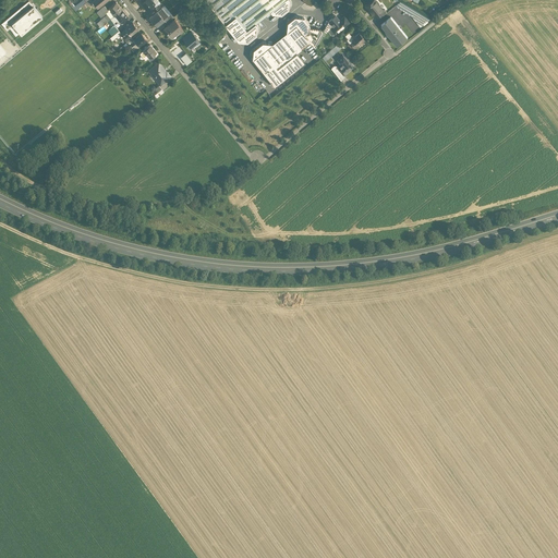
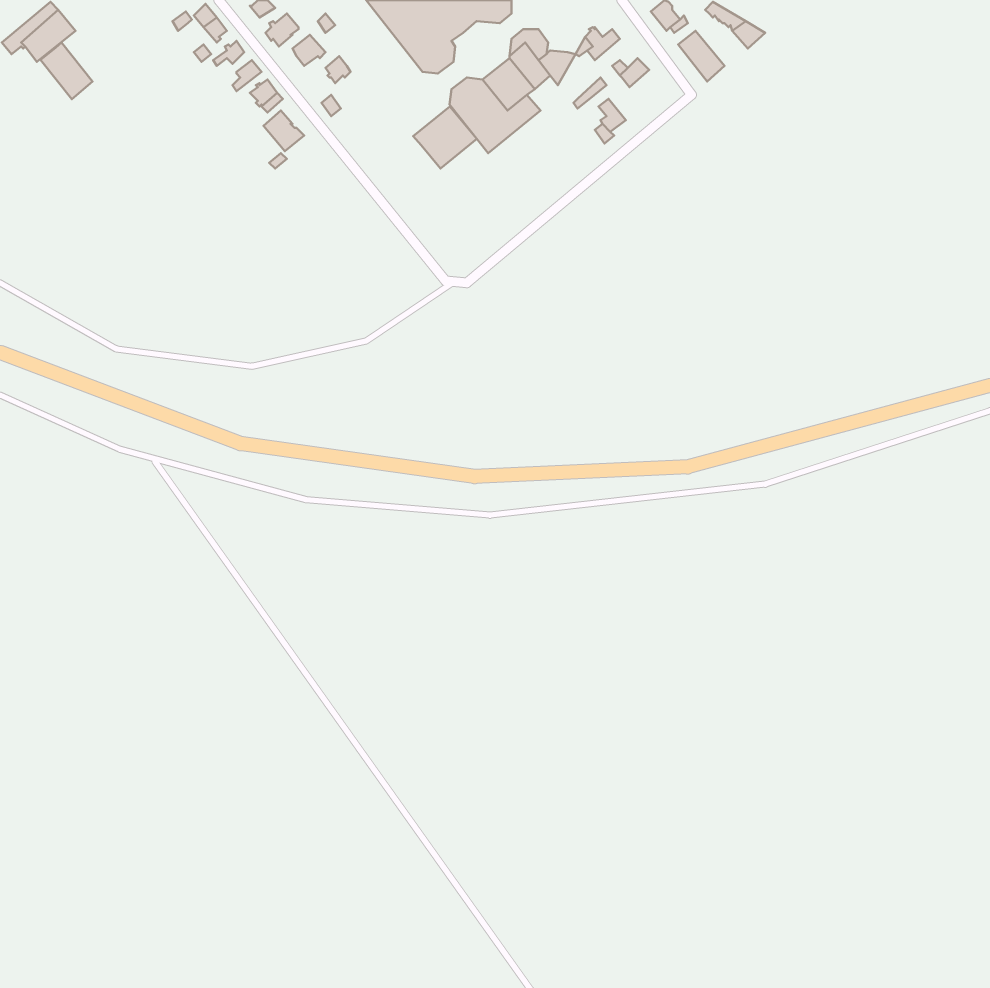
building: none -> [40,42,93,99]
building: none -> [413,107,477,169]

